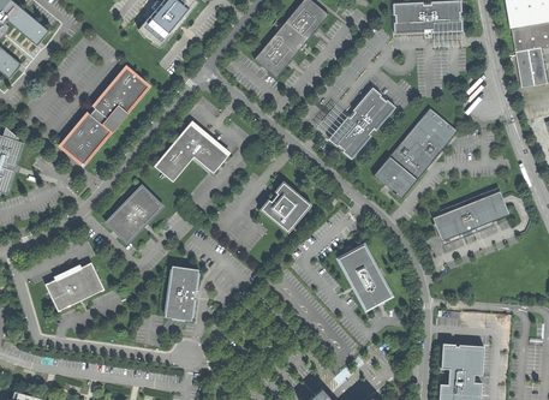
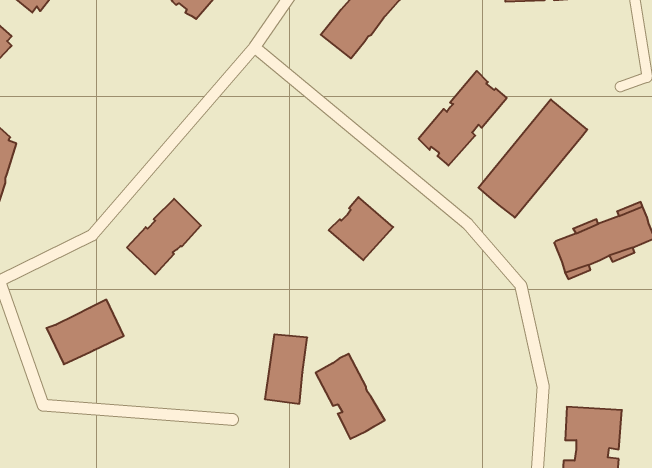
building: [60,67,148,163] -> none
building: [154,121,228,180] -> none
building: [338,245,390,310] -> [316,354,385,439]
building: [165,265,197,318] -> [265,334,307,404]

